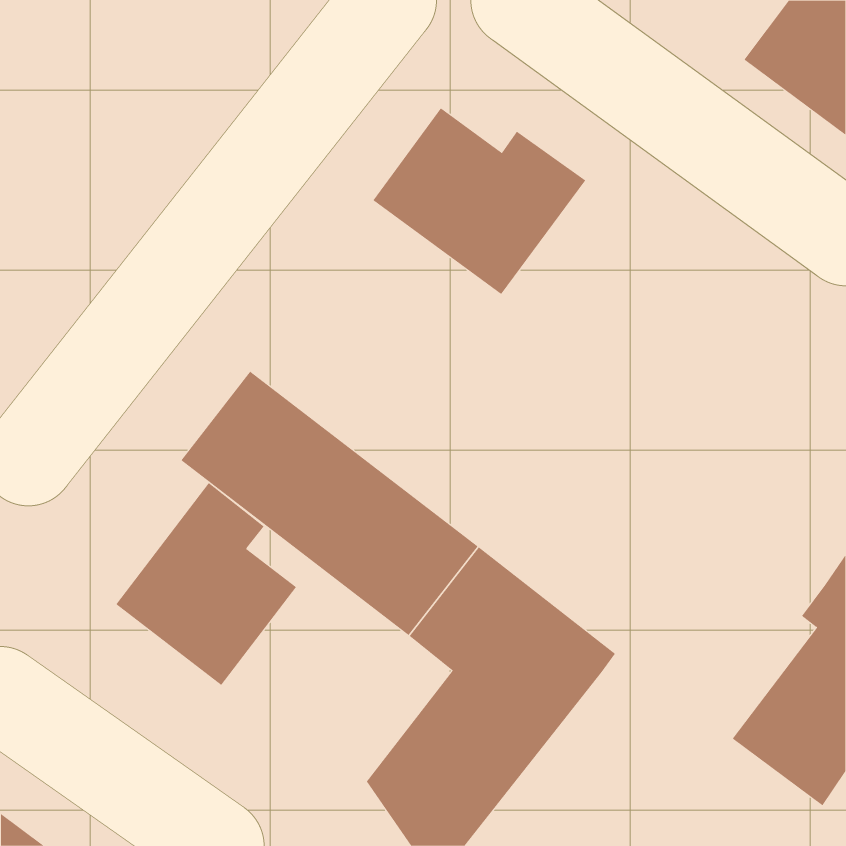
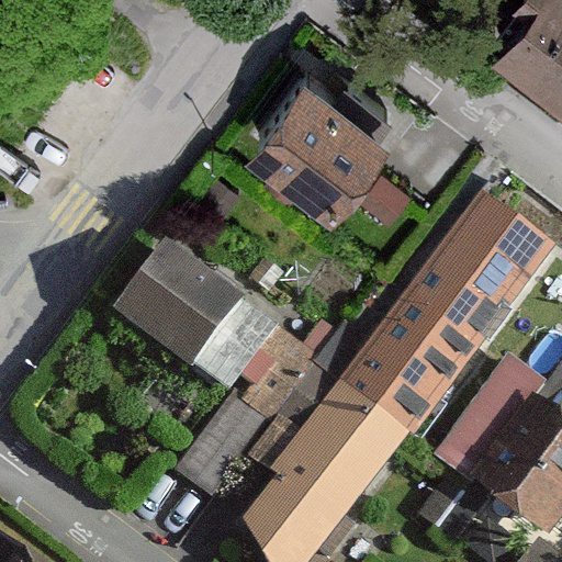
building: none -> [317,198,550,434]
building: [116,482,297,686] -> none
building: none -> [434,360,547,487]

